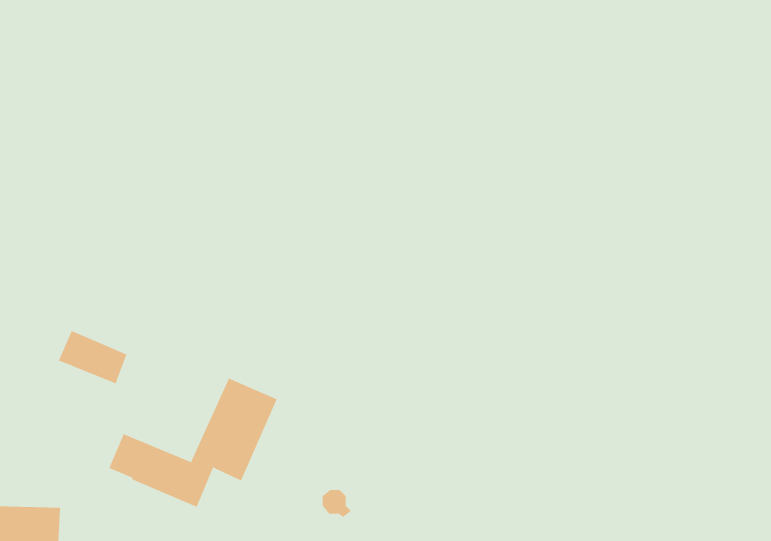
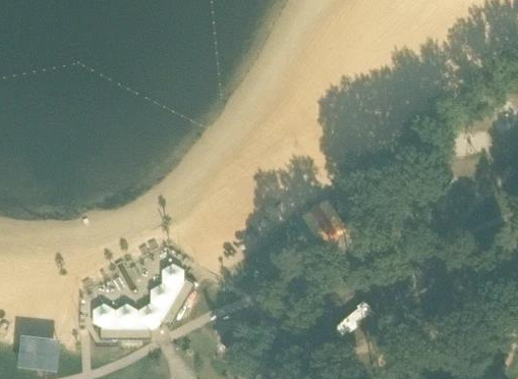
building: [58,330,127,384] -> none

